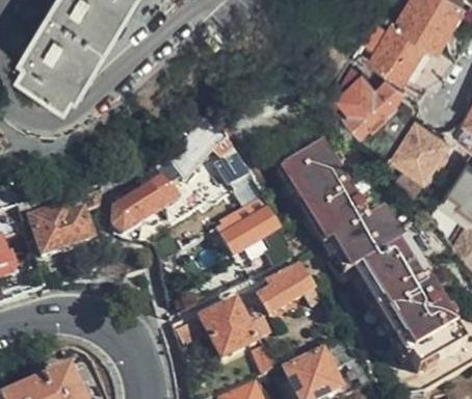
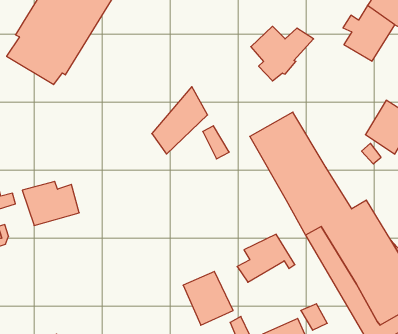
building: [339,74,405,132] -> [251,26,314,81]
building: [115,179,173,233] -> none
building: [224,195,285,255] -> none

